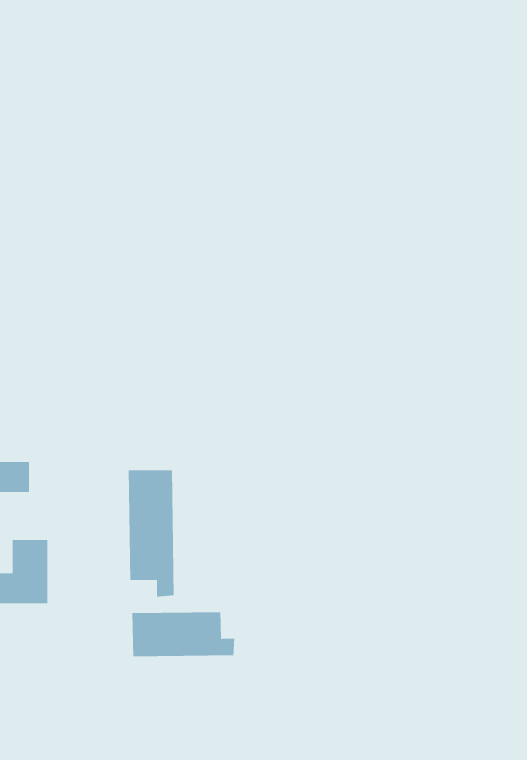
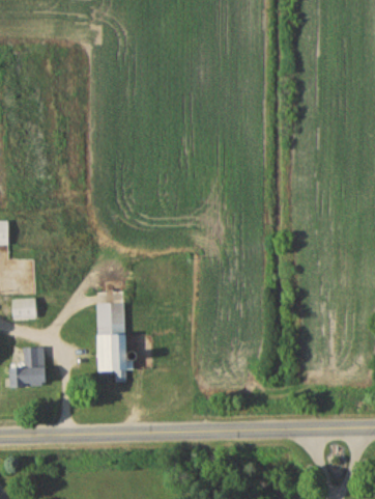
building: [131,612,235,657] -> none

